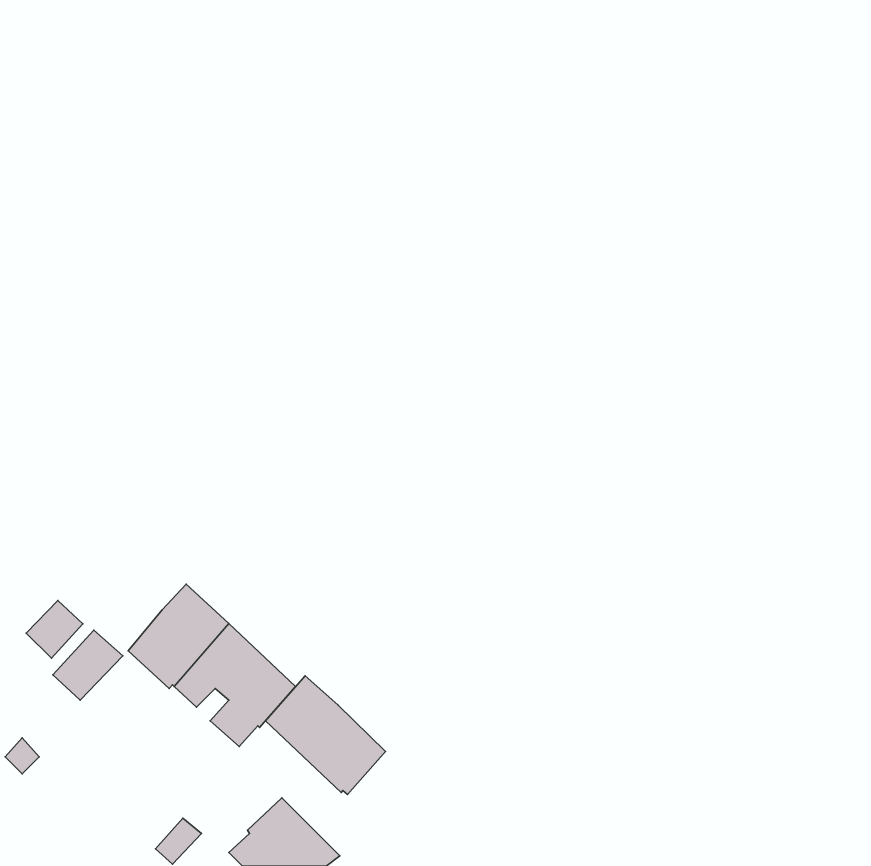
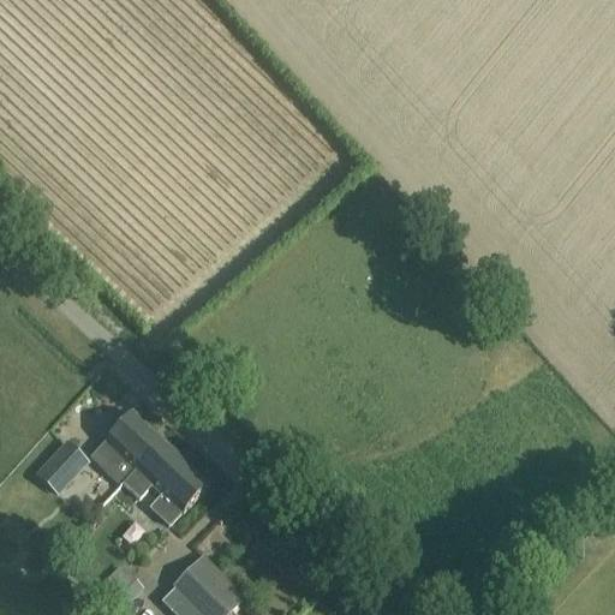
building: [26,600,83,658] -> none
building: [266,676,385,795] -> none

